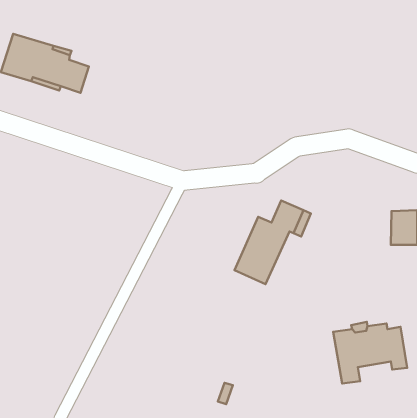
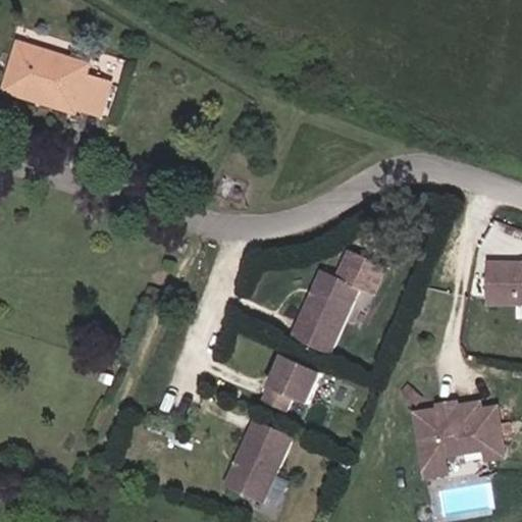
building: none -> [261,354,321,411]
building: none -> [223,418,292,503]

